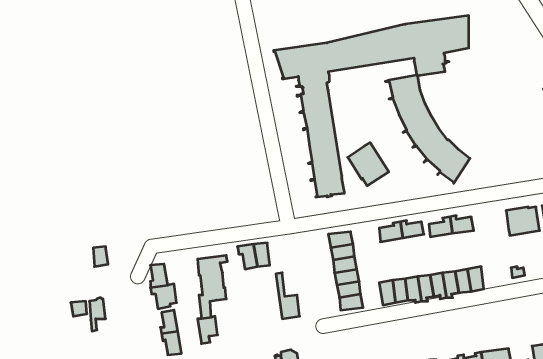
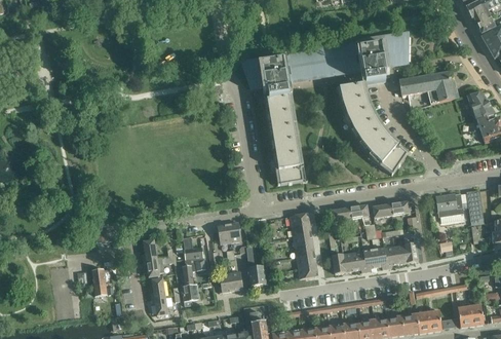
building: none -> [399,71,455,103]
building: [348,143,389,186] -> none
building: none -> [219,270,243,292]

